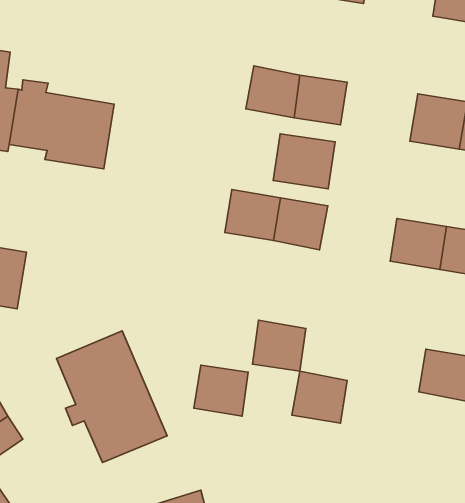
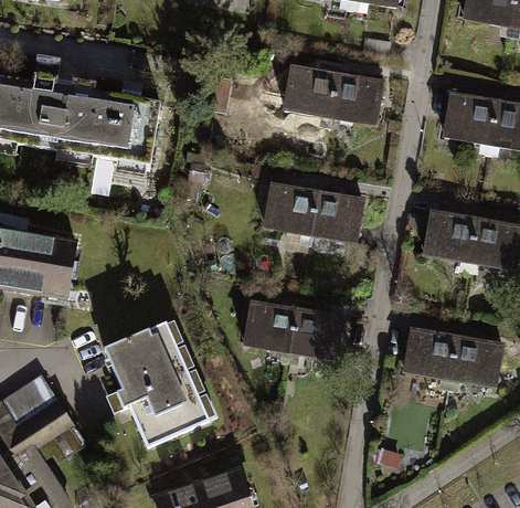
building: [273,134,335,189] -> none
building: [194,365,248,416] -> [245,303,297,351]
building: [292,371,347,423] -> [404,328,457,378]

